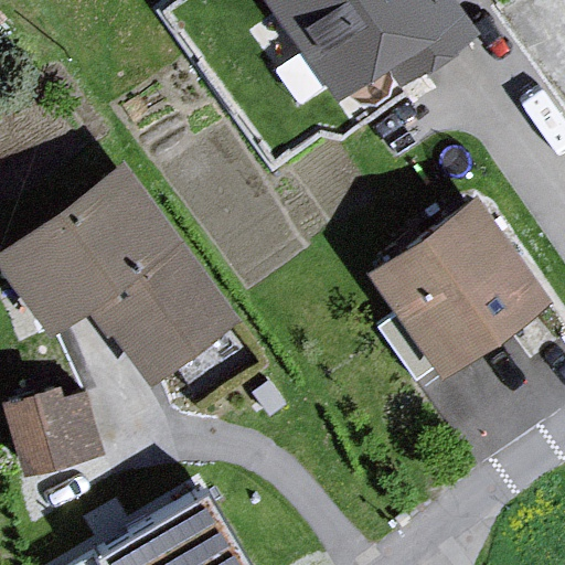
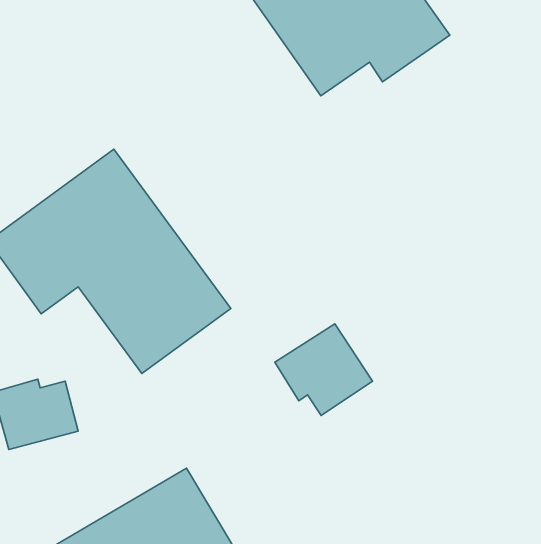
building: [352,202,536,385] -> none
building: none -> [275,324,373,415]

